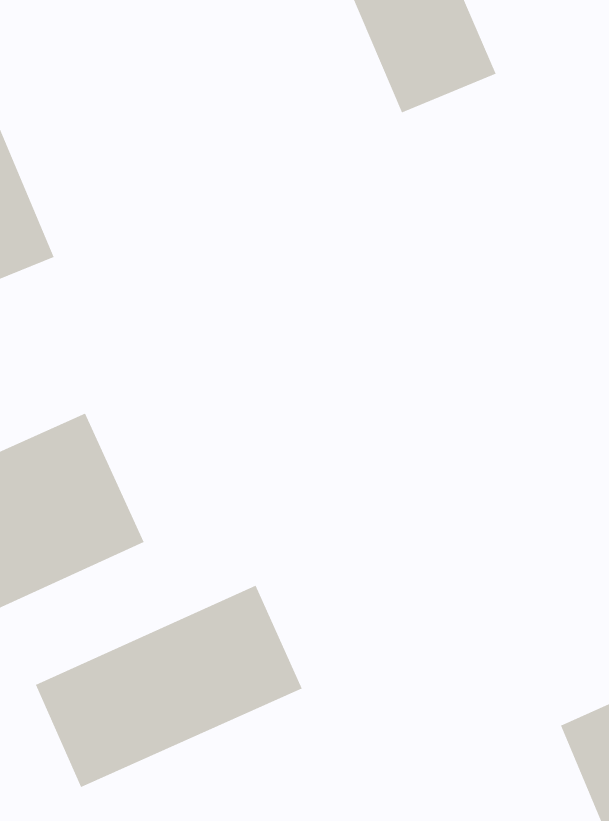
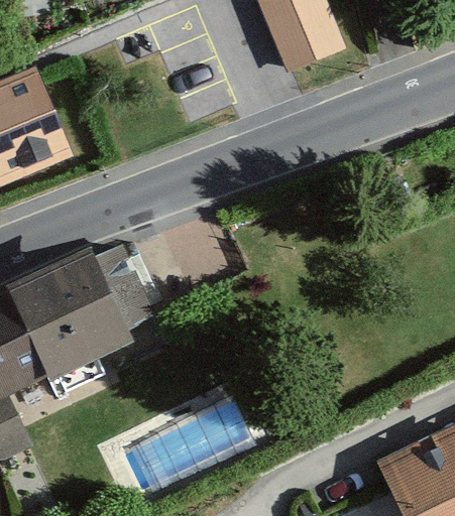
building: [35,585,302,788] -> none

